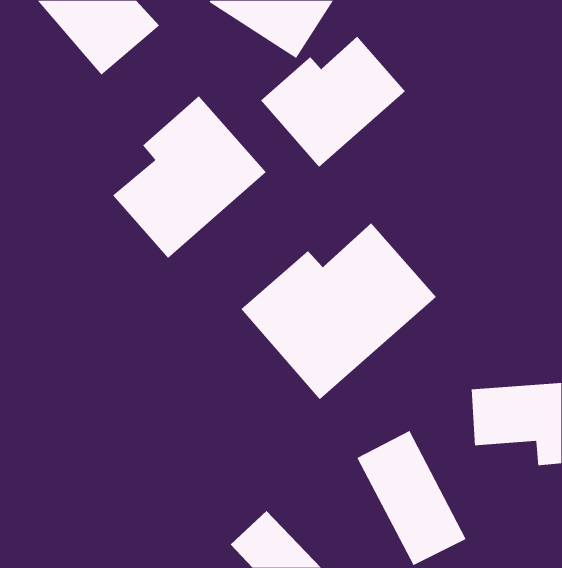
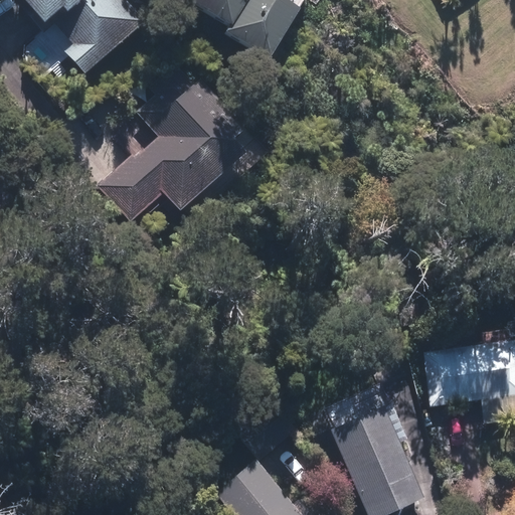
building: [260,36,406,168] -> none
building: [241,223,437,400] -> none

